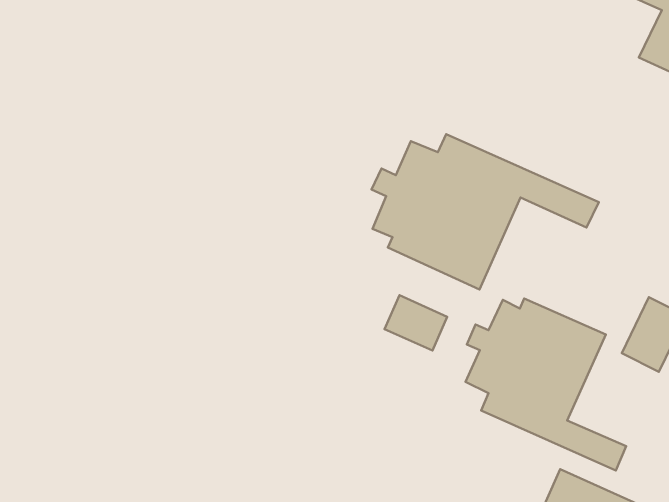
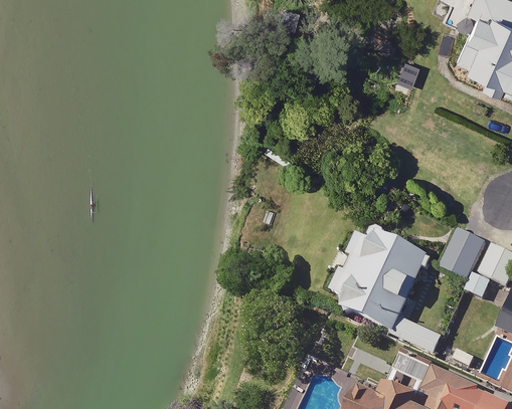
building: [372,134,599,289] -> none
building: [385,295,447,350] -> none

